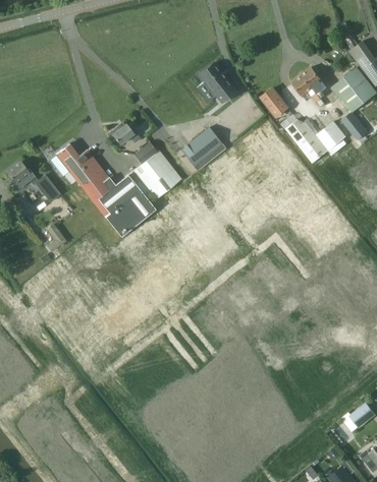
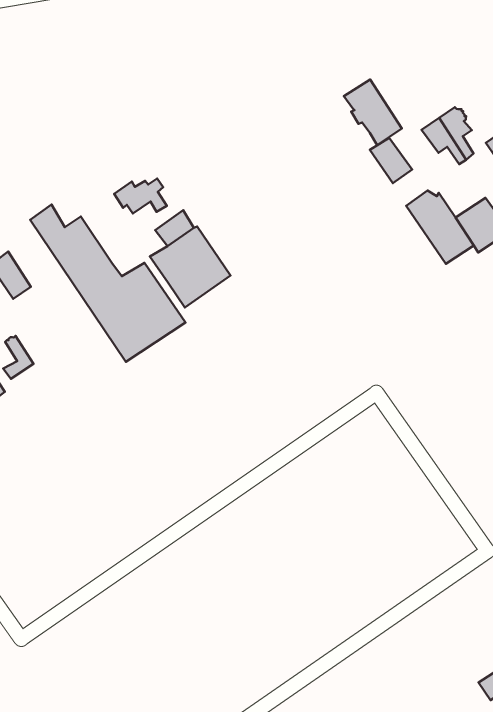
building: [199,63,235,103] -> [344,79,402,145]
building: [180,127,226,171] -> none

